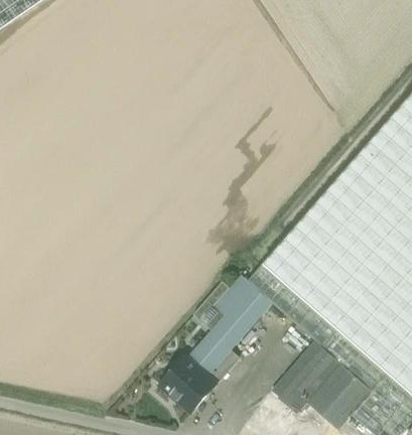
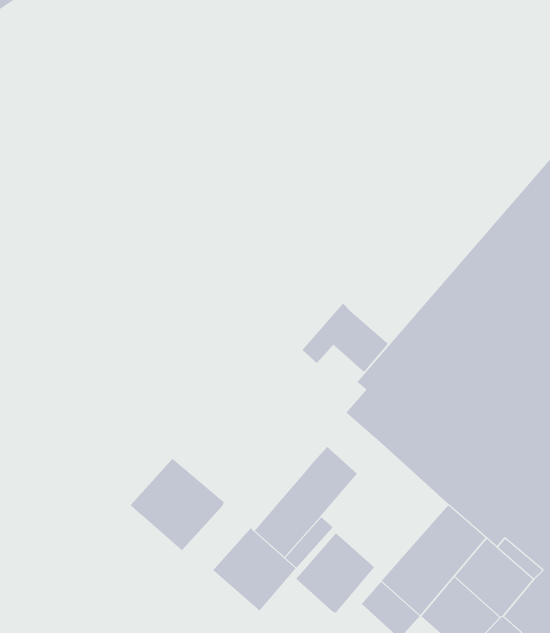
building: [215,275,272,321] -> [301,303,389,373]
building: none -> [130,458,225,551]
building: none -> [296,532,375,613]

